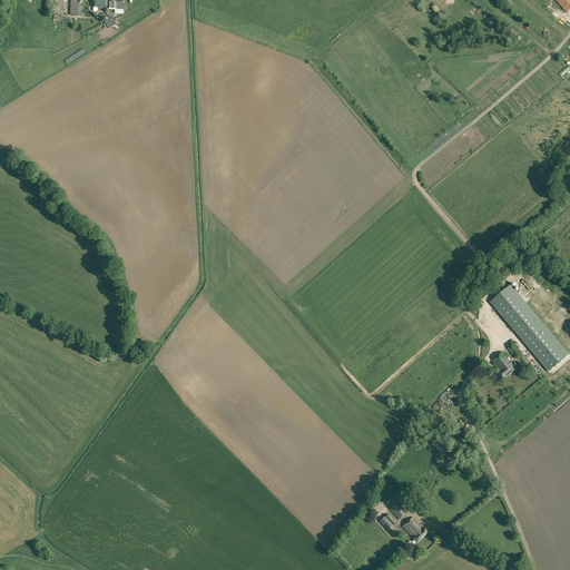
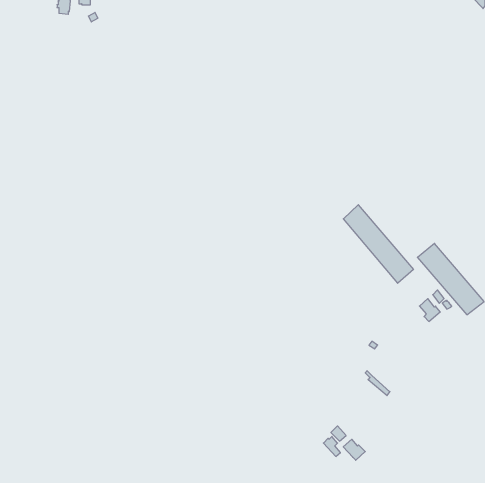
building: none -> [343,205,413,283]

